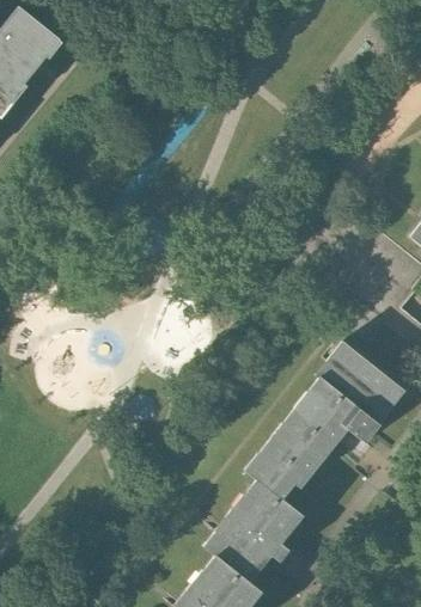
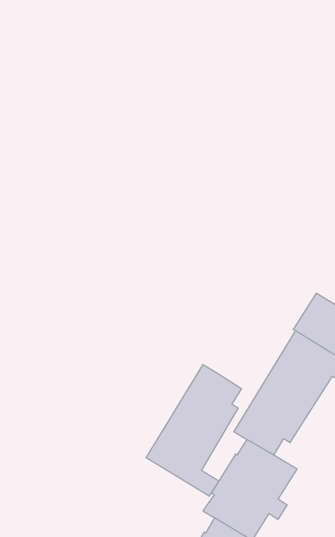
building: none -> [146,365,241,496]

